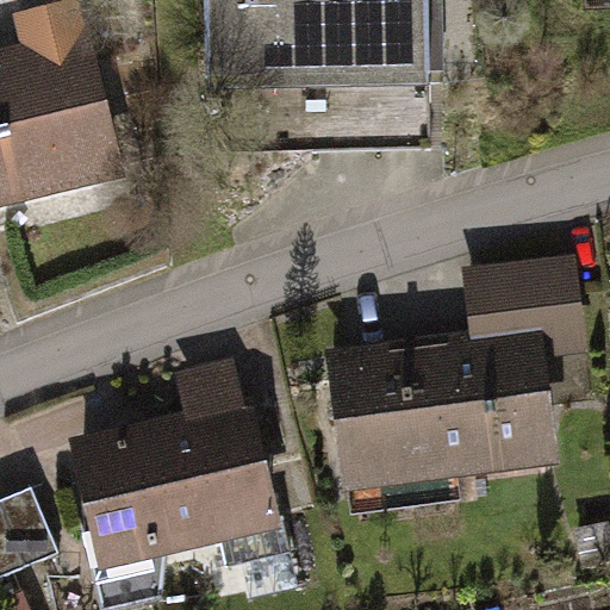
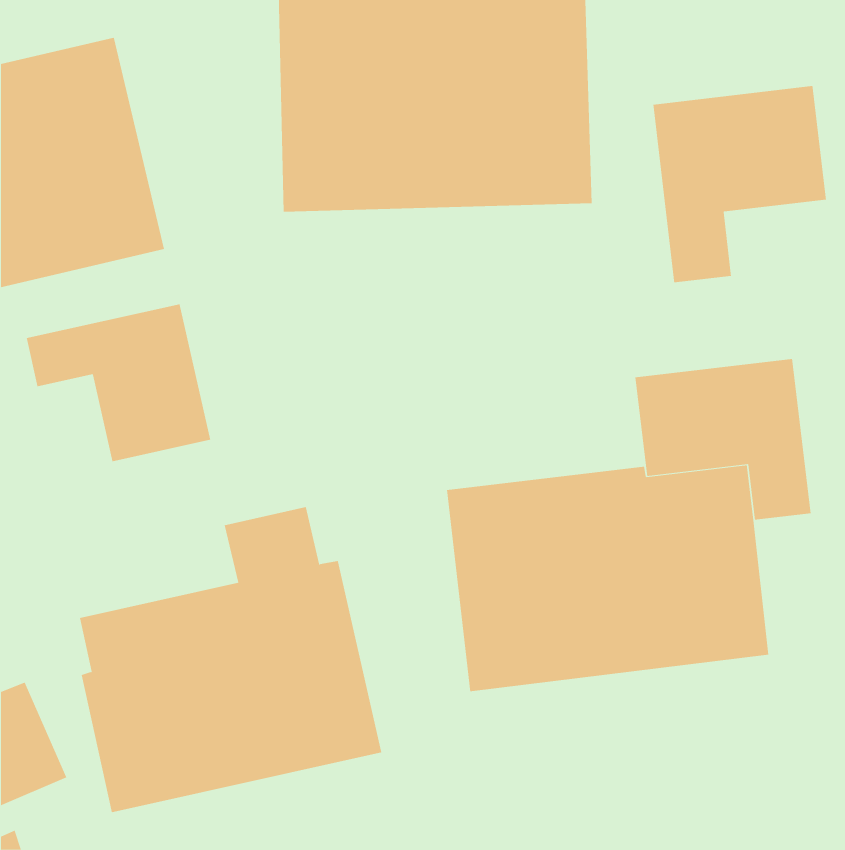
building: none -> [653,85,826,283]
building: none -> [26,303,211,462]

